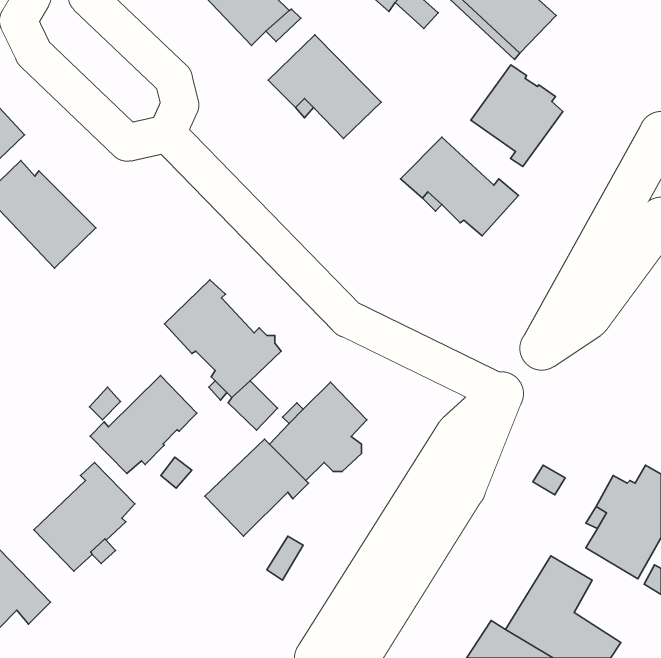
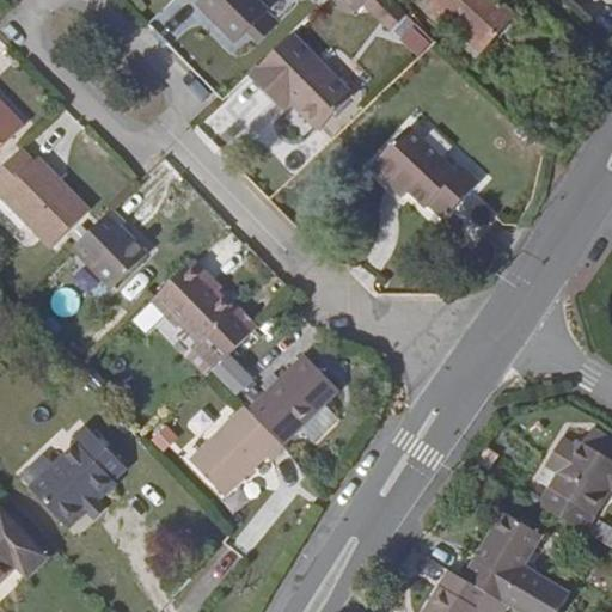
building: [471,65,563,166] -> none
building: none -> [72,209,146,288]
building: [90,376,197,474] -> none

